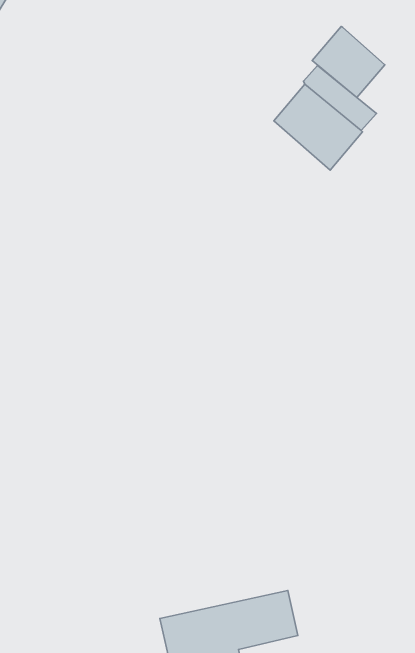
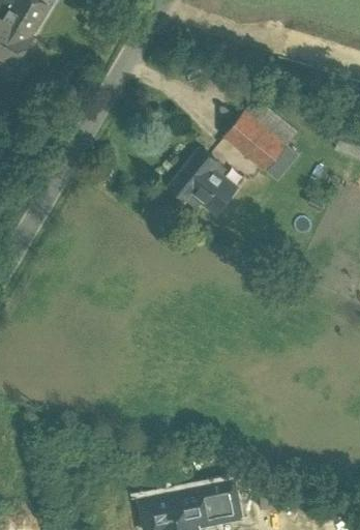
building: [312,26,385,98] -> none
building: none -> [169,148,238,216]

